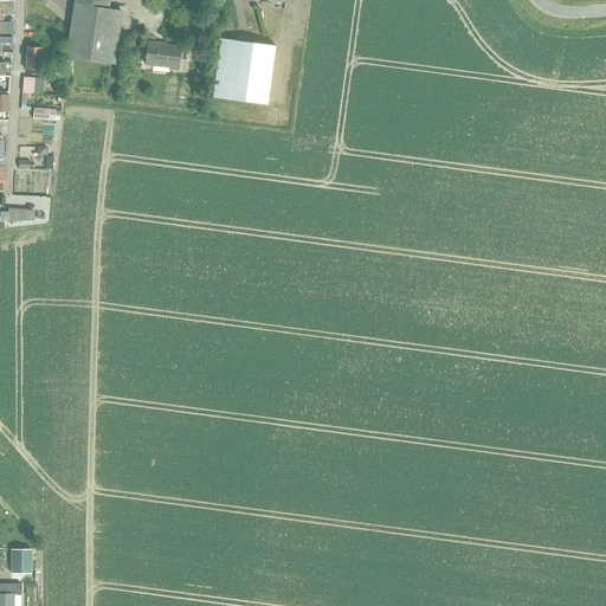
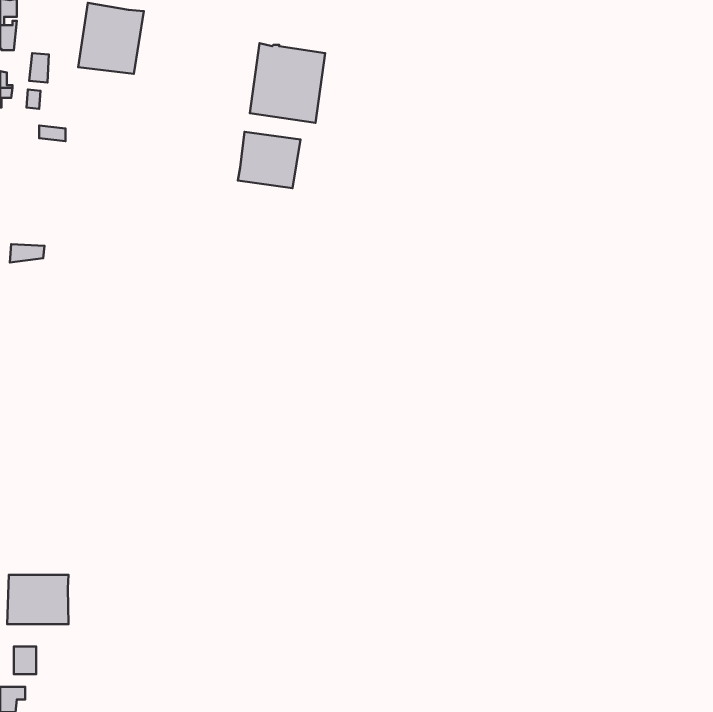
building: [146,40,181,70] -> none
building: none -> [238,132,301,188]
building: none -> [7,575,69,624]

